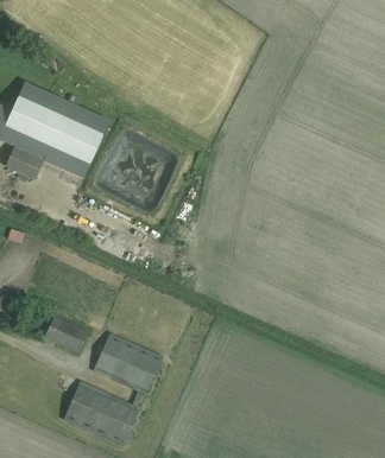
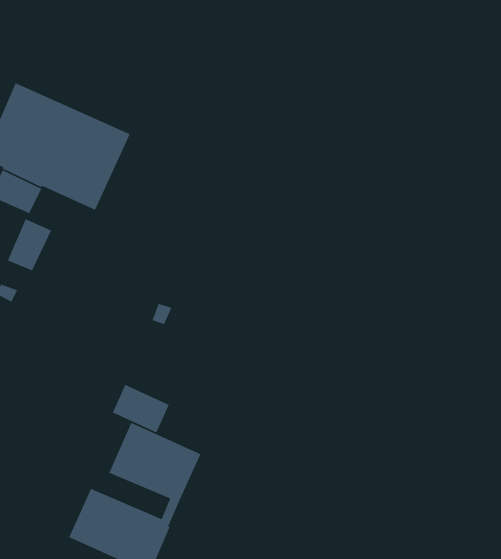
building: none -> [7,218,52,271]
building: [44,316,87,352] -> [112,384,170,434]

